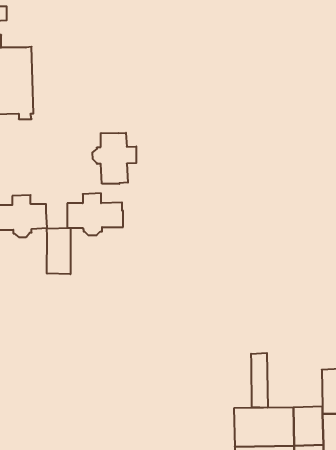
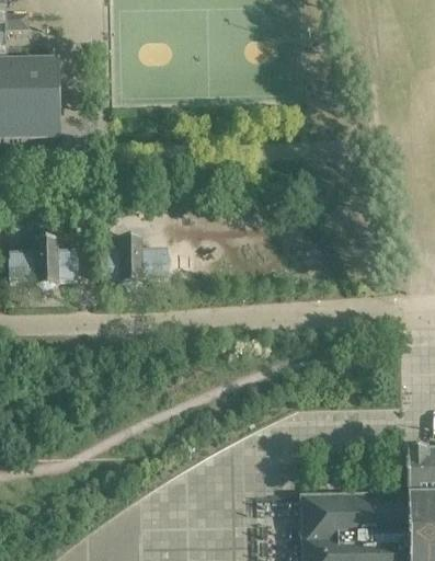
building: [92,133,136,184] -> none
building: [47,228,70,274] -> none
building: [251,353,268,408] -> none

